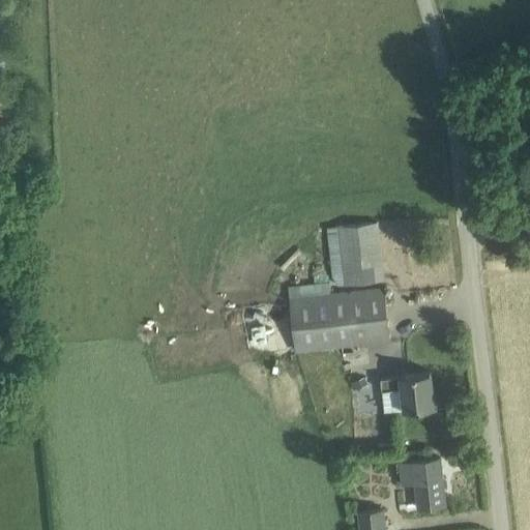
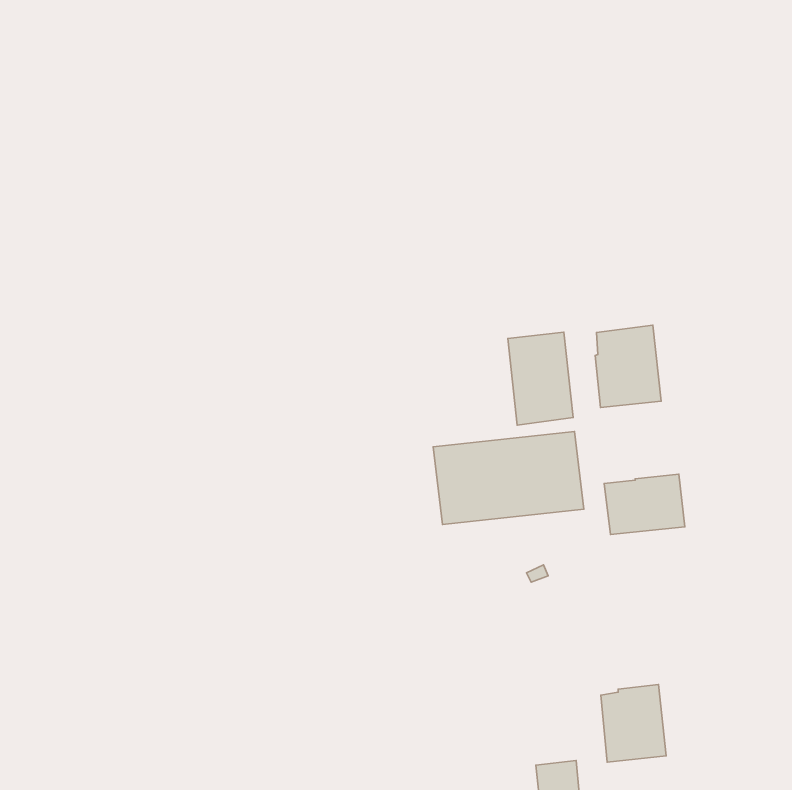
building: none -> [595,325,661,407]
building: [380,373,434,413] -> [604,474,685,535]

